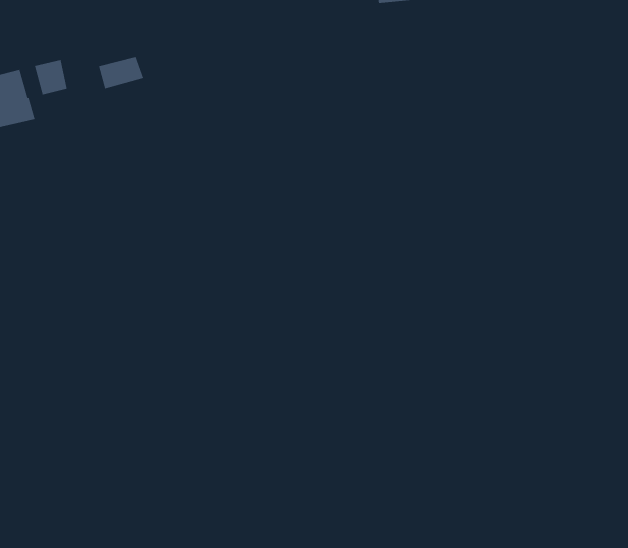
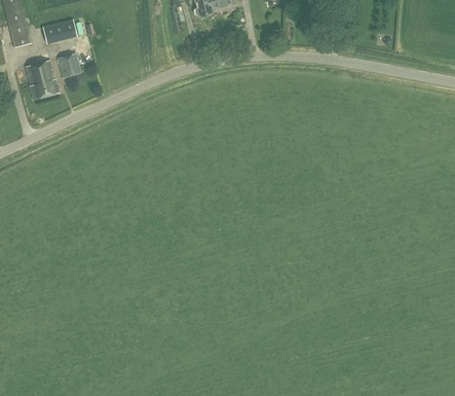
building: [98,56,144,90] -> [47,23,77,44]

